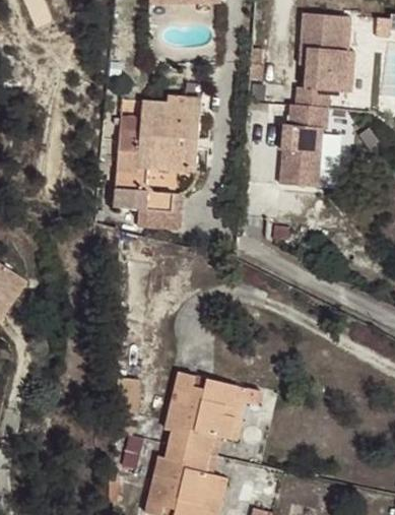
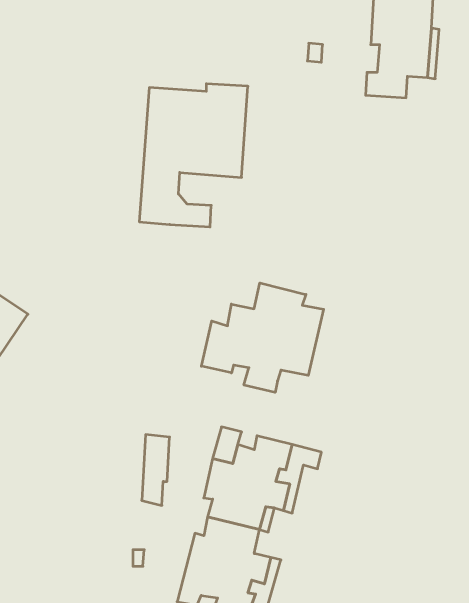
building: [279,106,328,188] -> none
building: [136,194,182,230] -> none
building: none -> [201,283,324,392]

